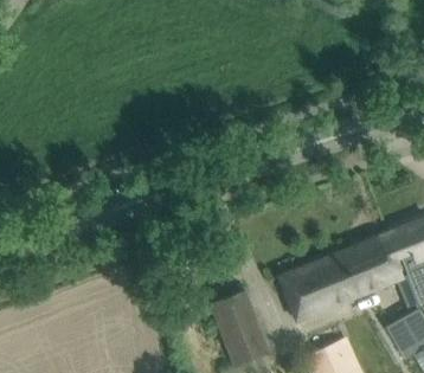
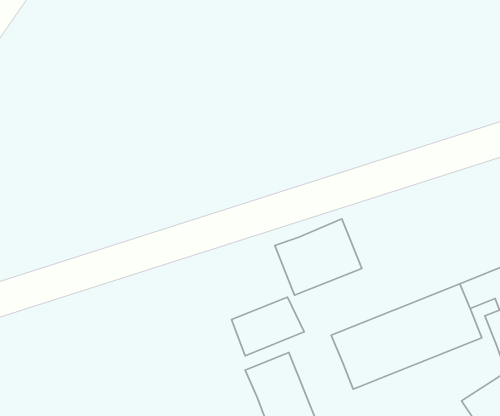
building: none -> [275,219,362,295]
building: none -> [232,297,304,356]

